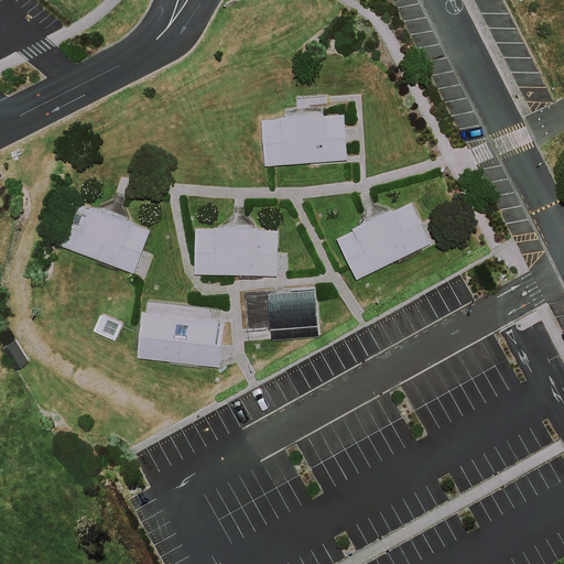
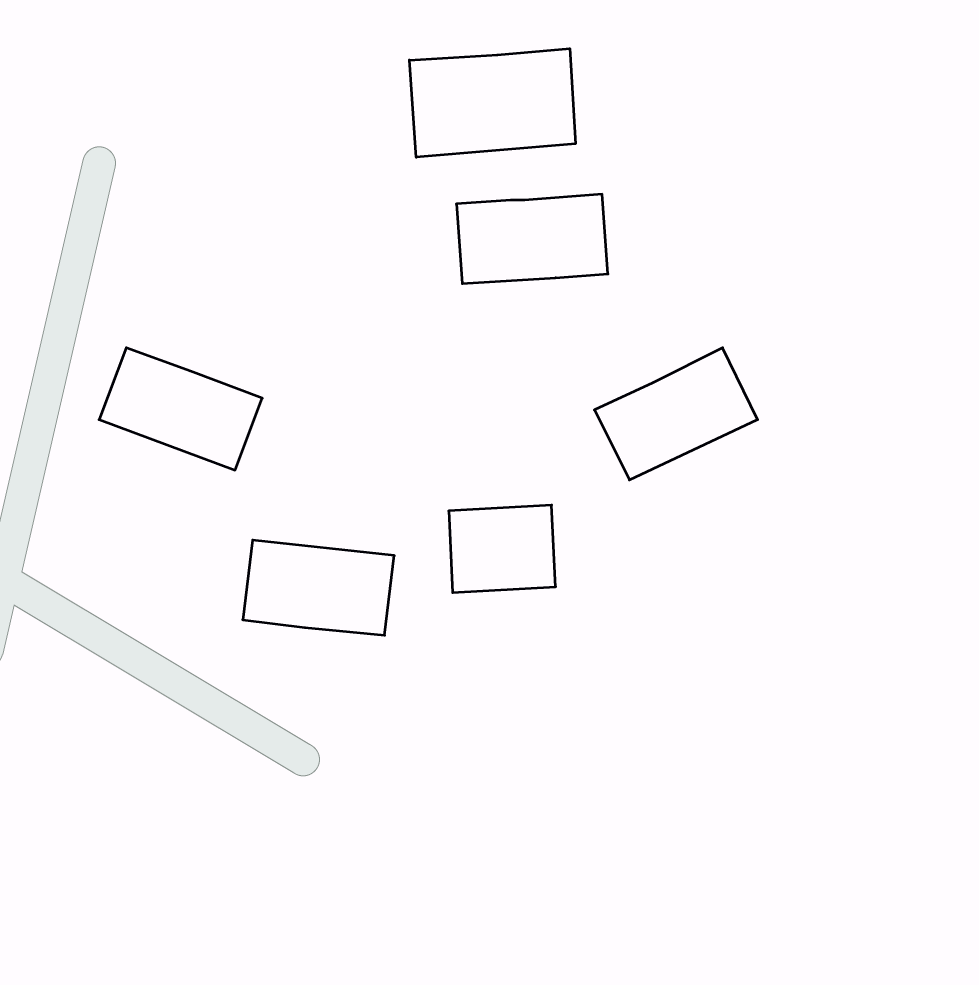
building: none -> [409,49,575,157]
building: [195,228,278,273] -> none

